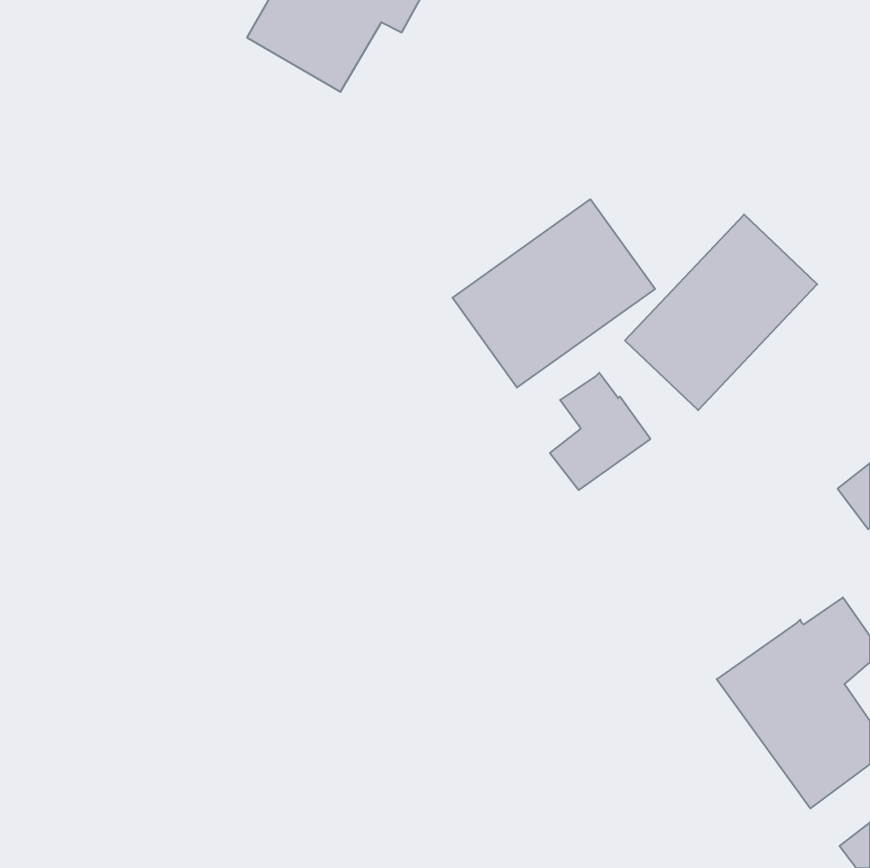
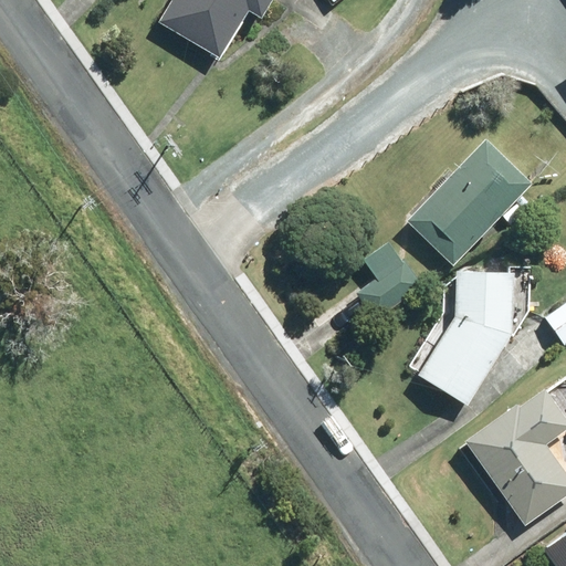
building: [452,199,655,388] -> none
building: none -> [419,270,515,403]

